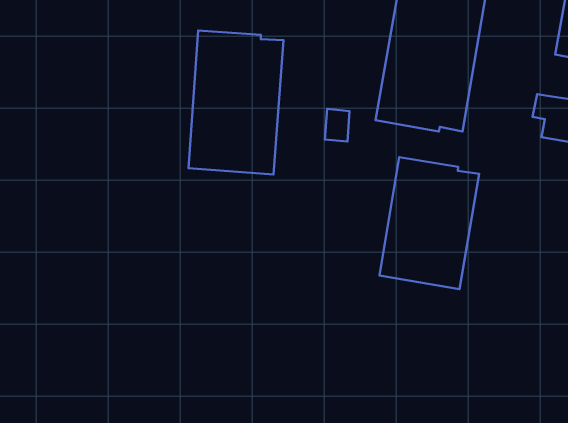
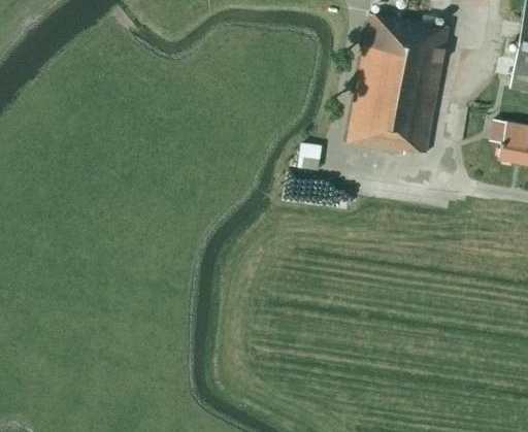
building: [189,31,283,175] -> none
building: [379,157,479,289] -> none

